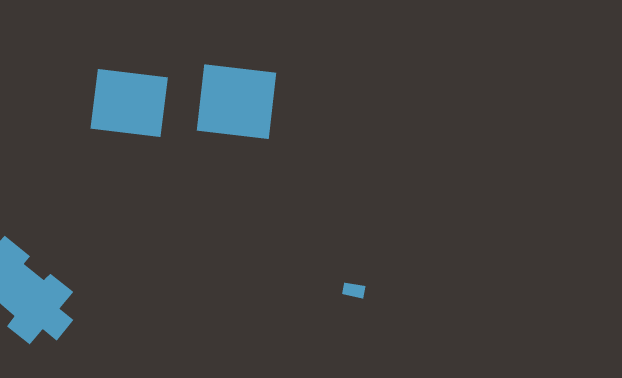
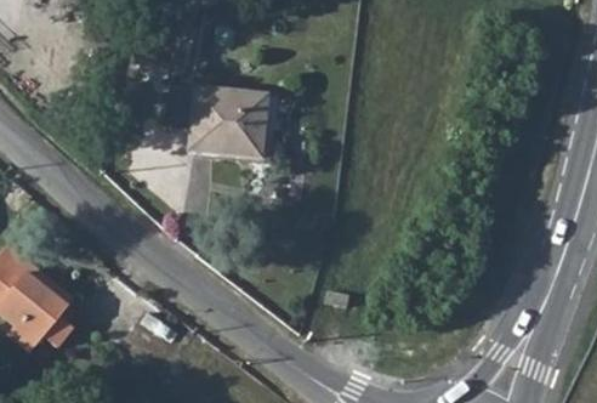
building: [89,68,169,138] -> none

